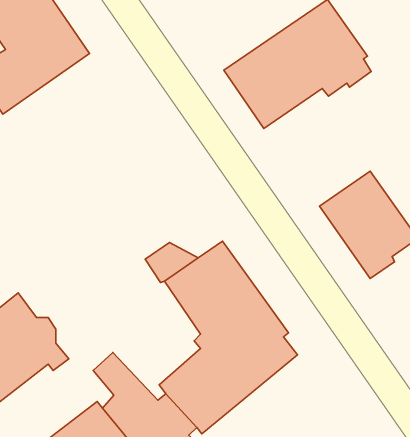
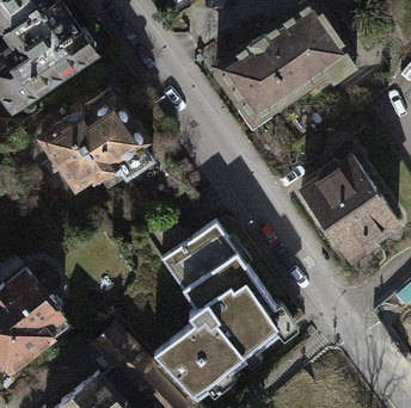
building: none -> [42,100,154,188]

